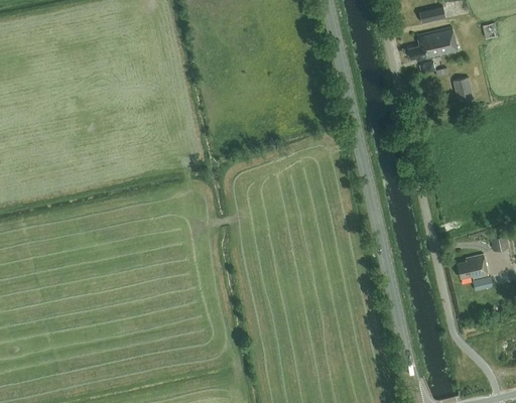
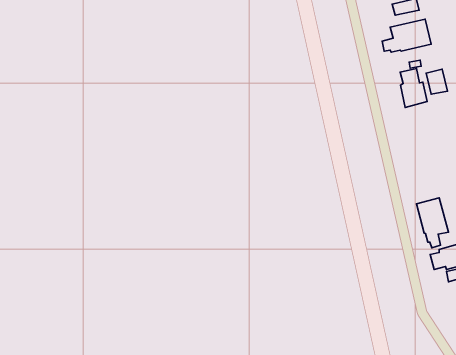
building: none -> [400,69,427,107]
building: none -> [416,198,448,248]

